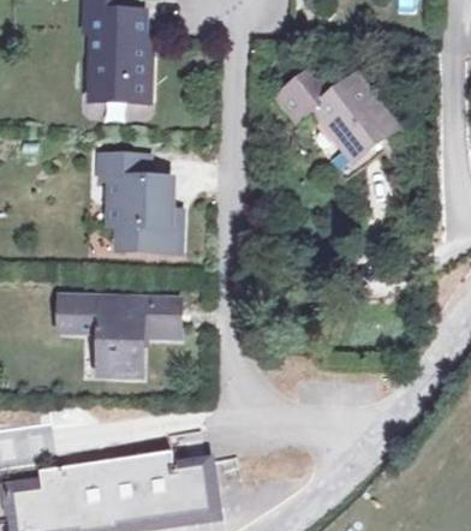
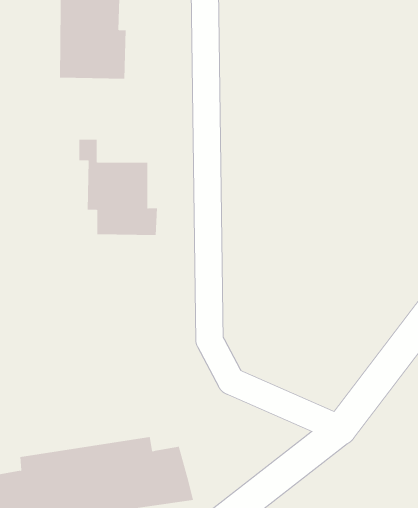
building: [279,59,398,157] -> none
building: [74,297,180,375] -> none

